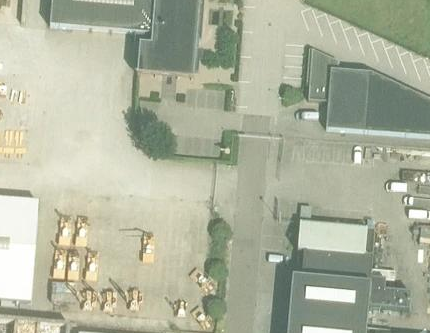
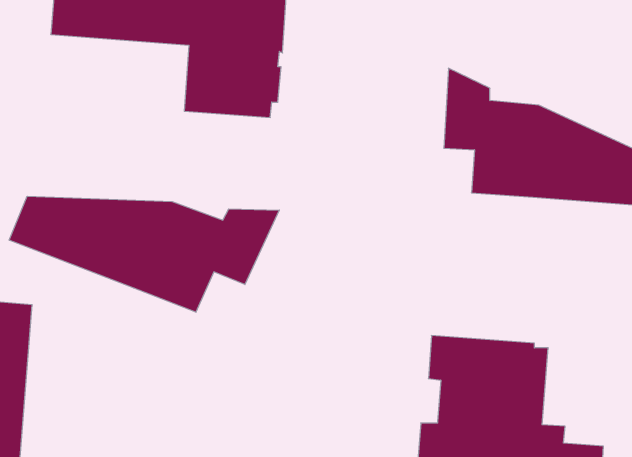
building: none -> [9,196,279,312]

